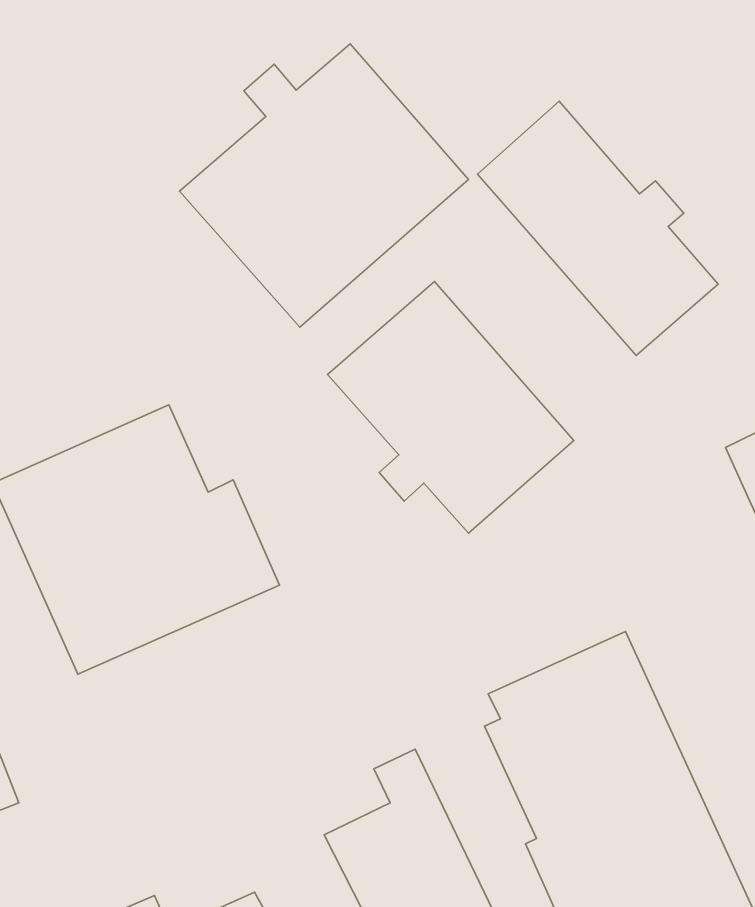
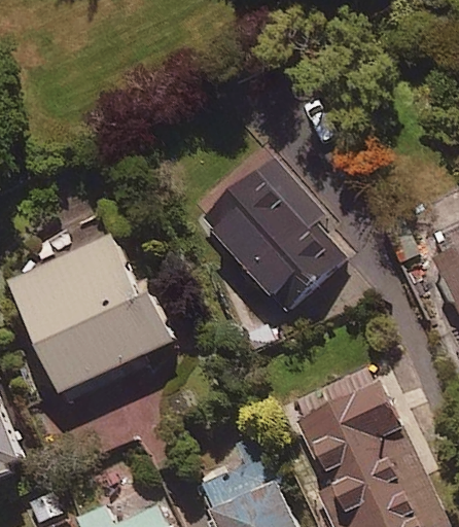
building: [179,44,469,327] -> none
building: [477,101,718,355] -> none

